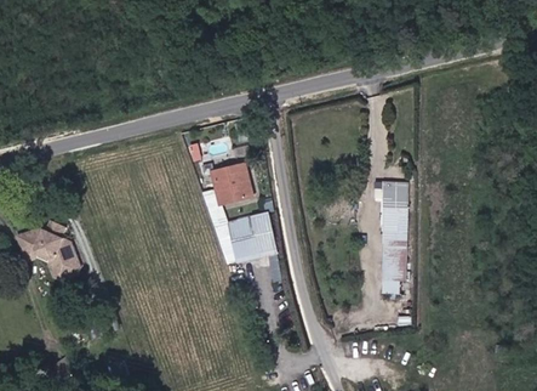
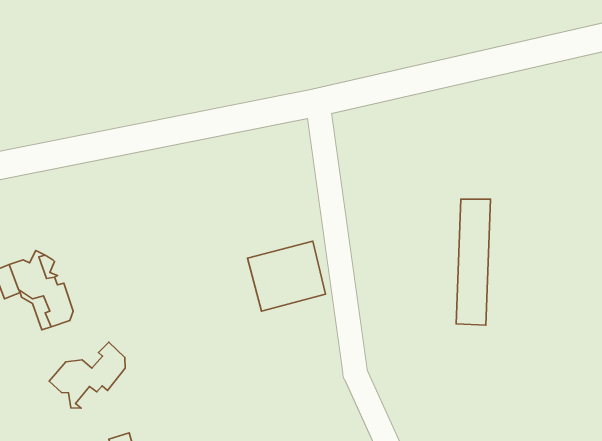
building: [213,166,252,202] -> none
building: none -> [49,342,125,408]

